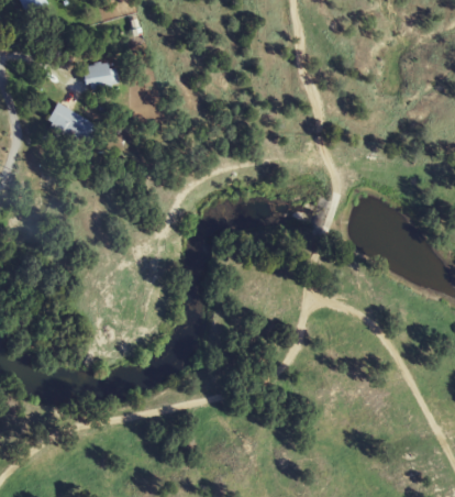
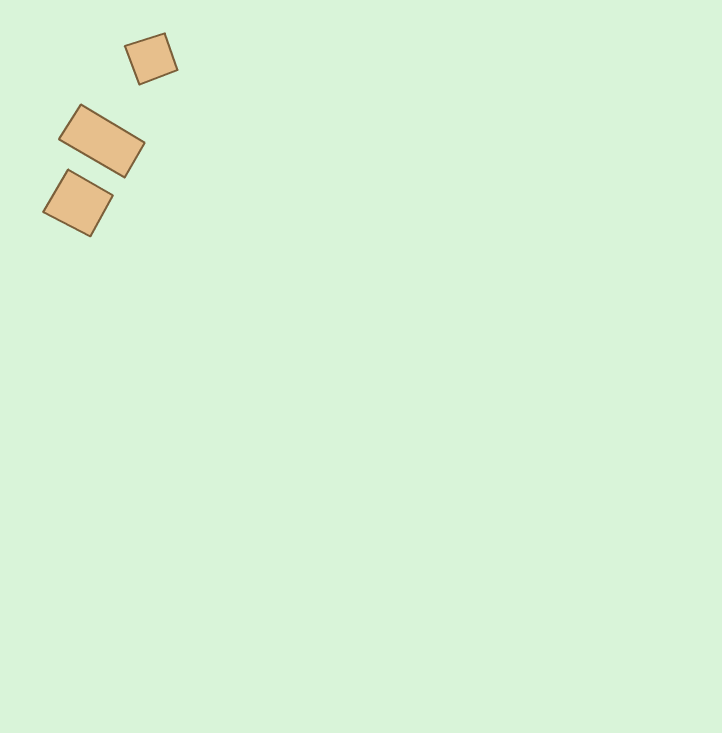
building: none -> [43,169,113,236]

